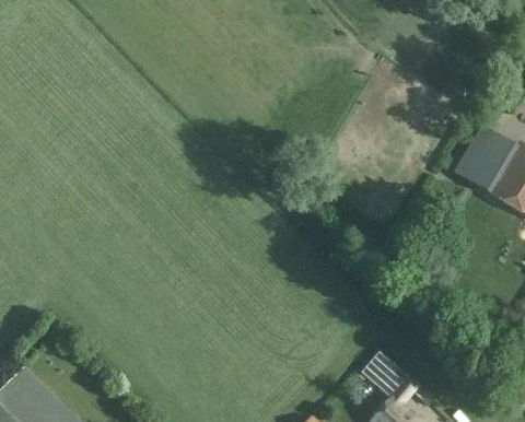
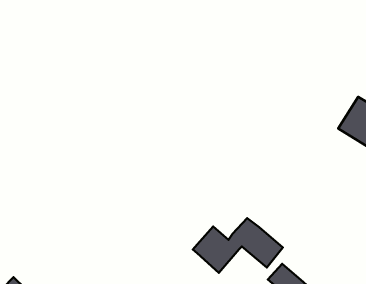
building: none -> [193,218,283,273]

